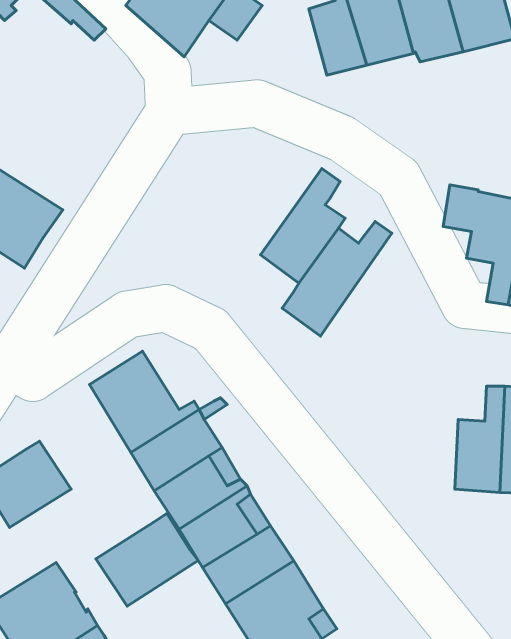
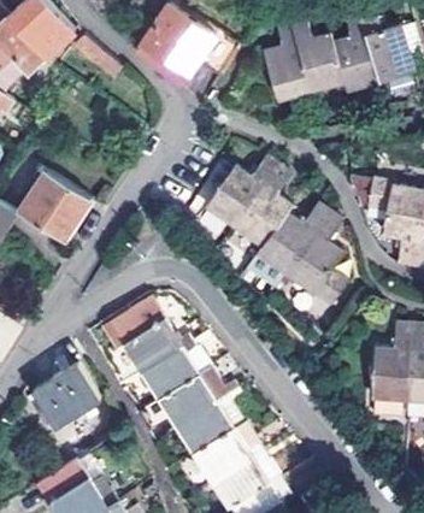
building: none -> [205,158,278,229]
building: none -> [285,213,348,308]
building: [96,513,198,606] -> none

